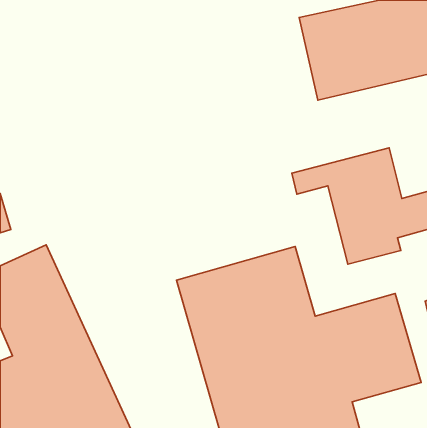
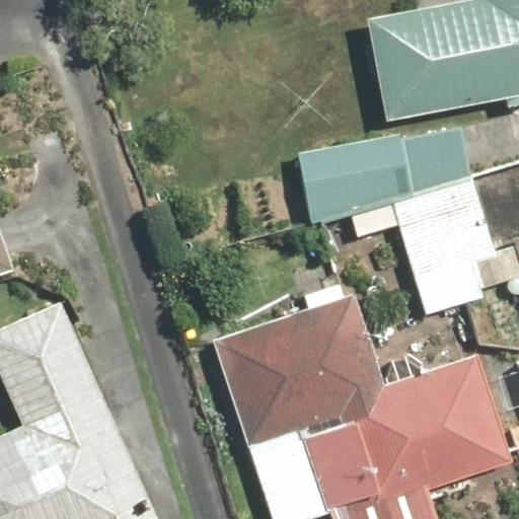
building: none -> [294,114,463,207]

